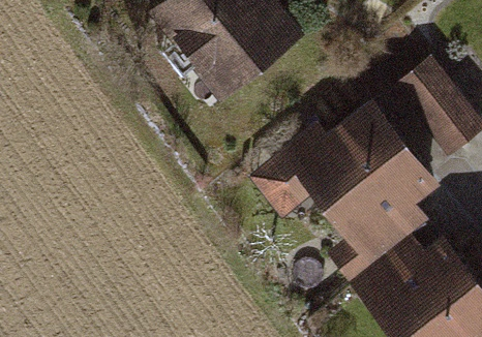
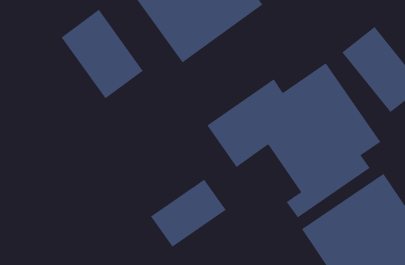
building: none -> [61,9,144,99]
building: none -> [150,179,226,248]

